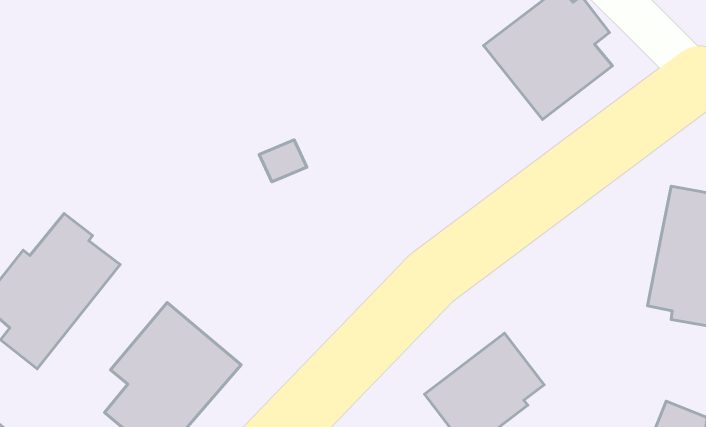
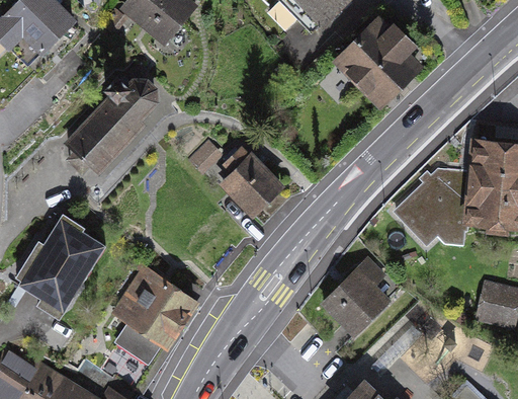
building: none -> [65,76,158,177]
building: none -> [221,152,280,219]
building: none -> [394,169,468,246]

